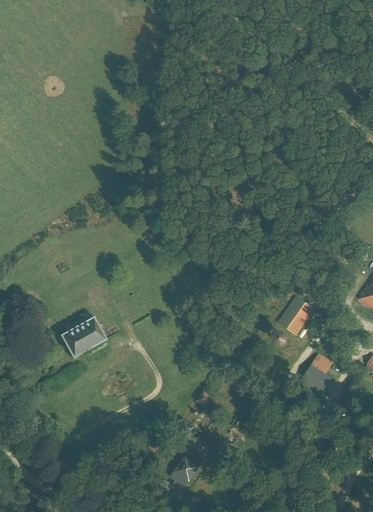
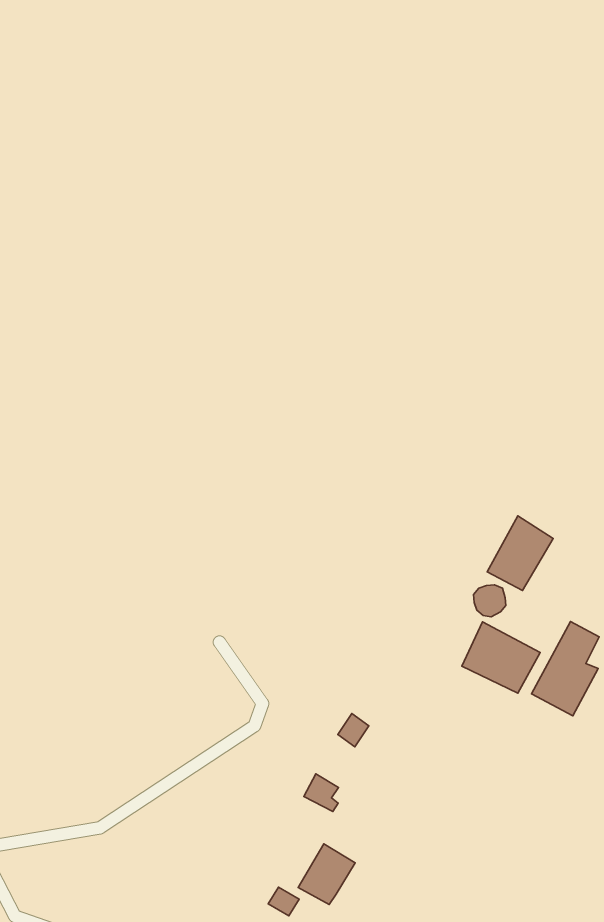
building: [60,317,105,357] -> none
building: none -> [462,622,540,693]

